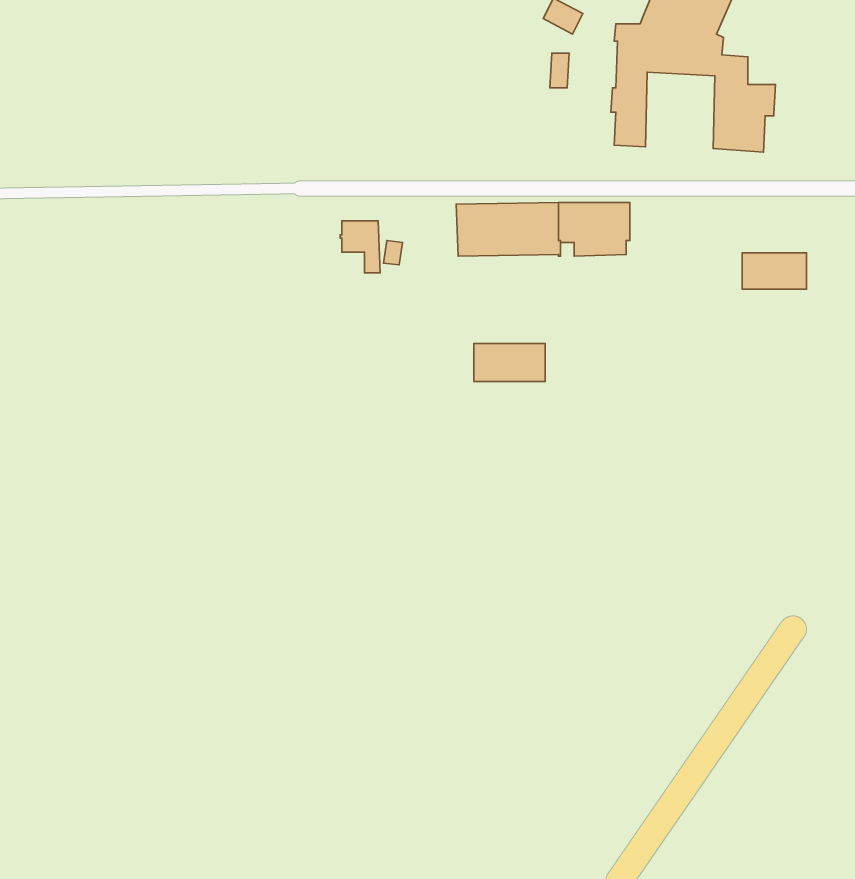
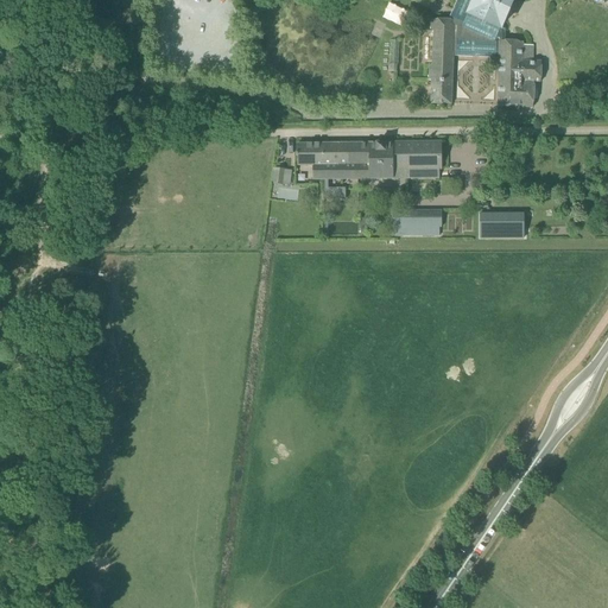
building: [340,221,380,273] -> [297,141,324,177]
building: [742,253,807,289] -> [480,211,524,236]
building: [474,343,545,382] -> [393,209,442,235]

